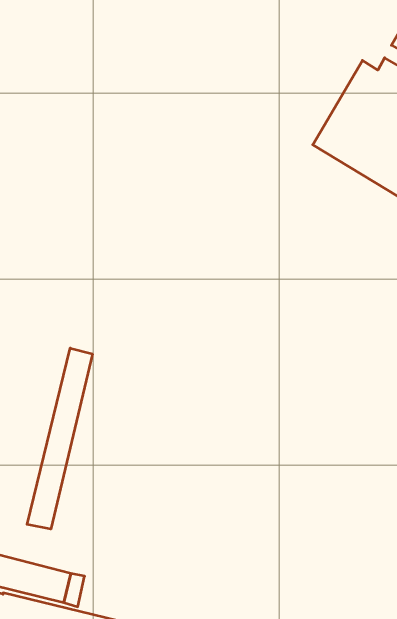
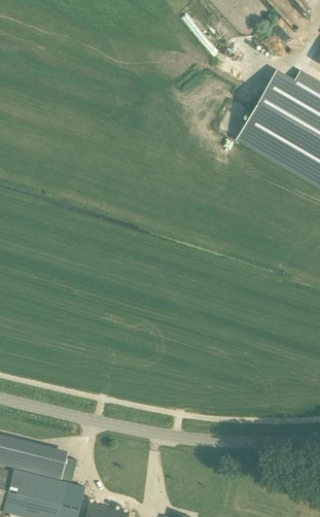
building: [27,348,92,529] -> none

